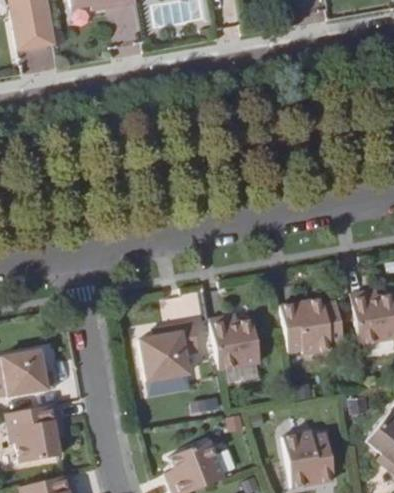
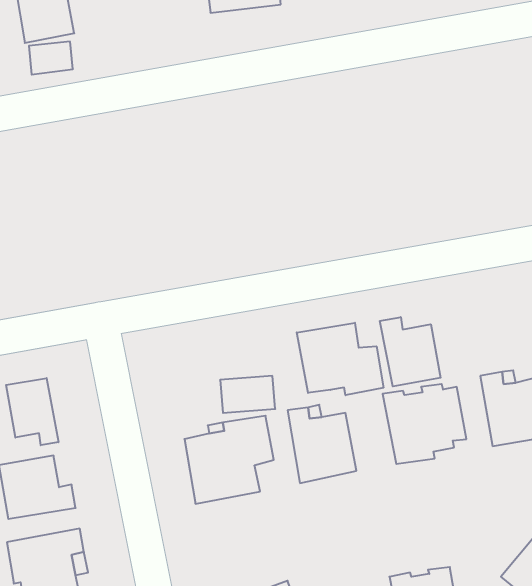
building: none -> [380,317,441,386]
building: none -> [297,323,383,395]
building: none -> [6,378,58,445]

